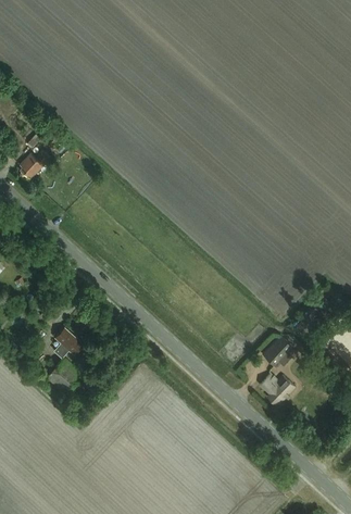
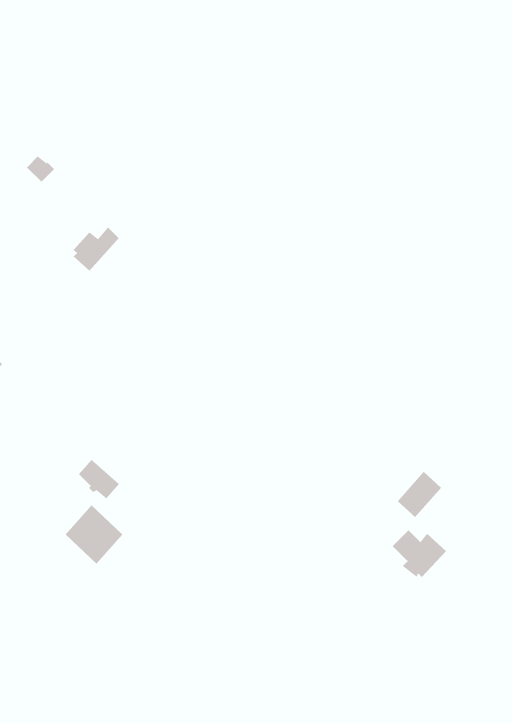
building: [20,150,50,179] -> [73,226,119,271]

